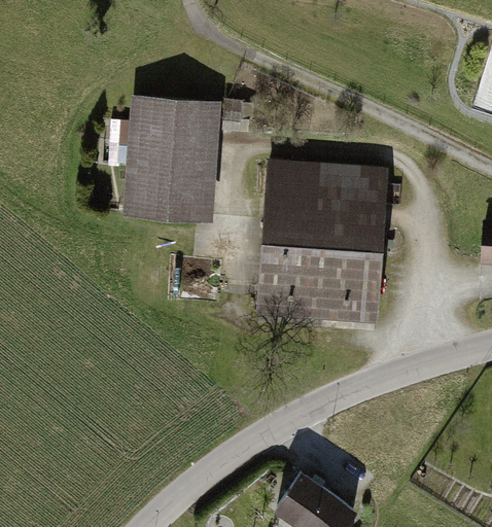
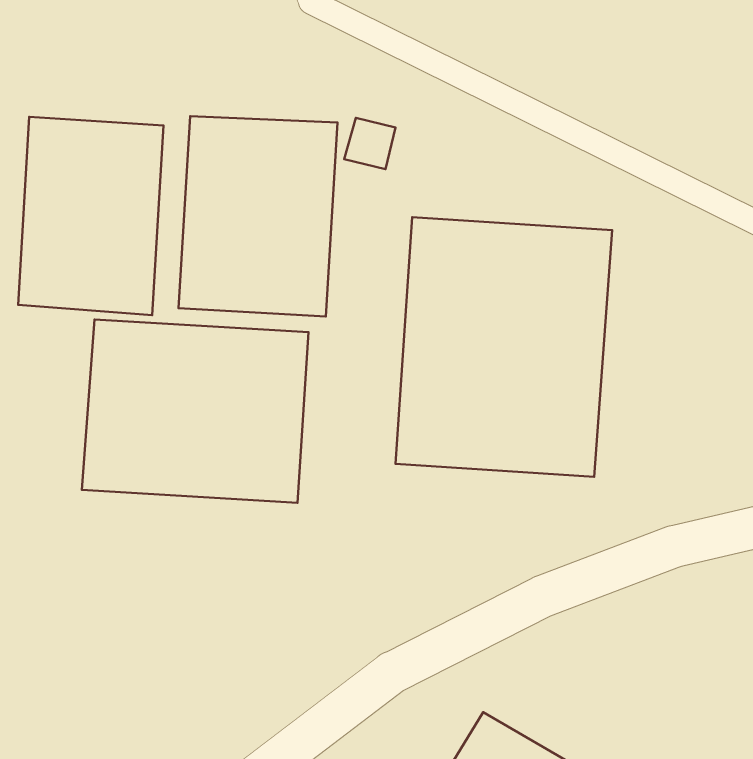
building: none -> [18,117,163,315]
building: none -> [82,319,308,503]

